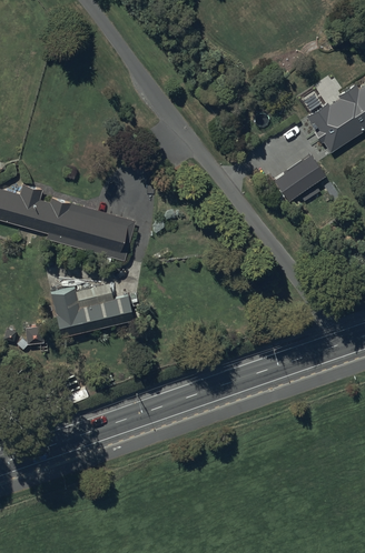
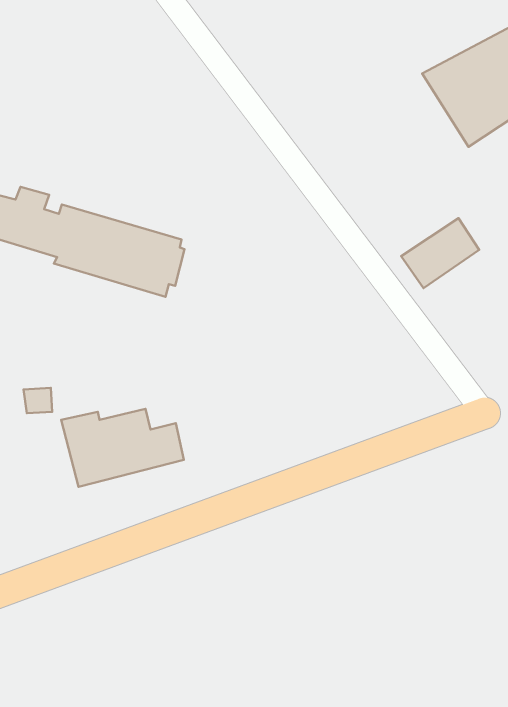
building: [270,154,325,203] -> [401,218,479,288]
building: [49,283,135,338] -> [61,409,184,487]

